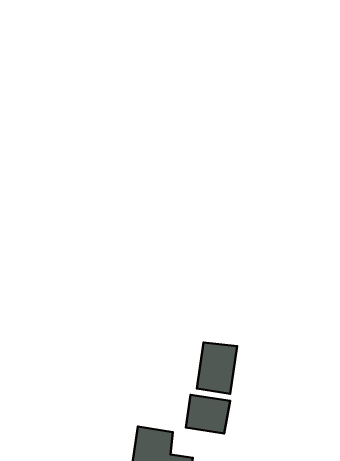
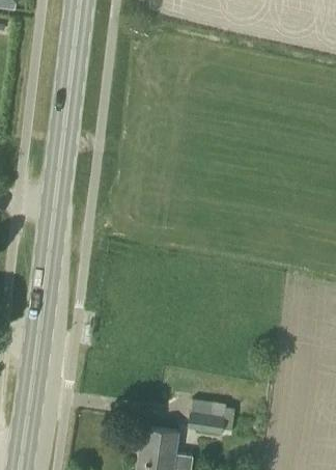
building: [197,342,237,394] -> none

